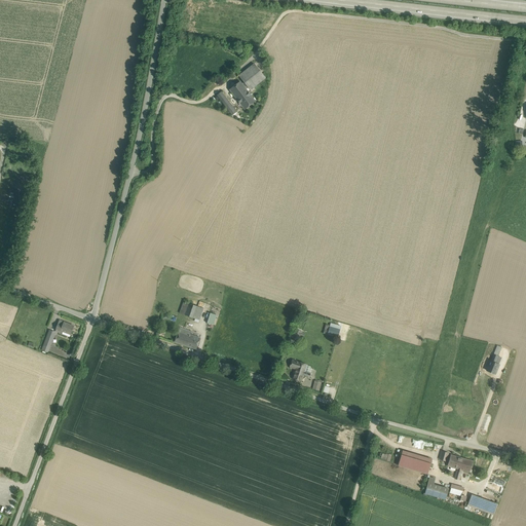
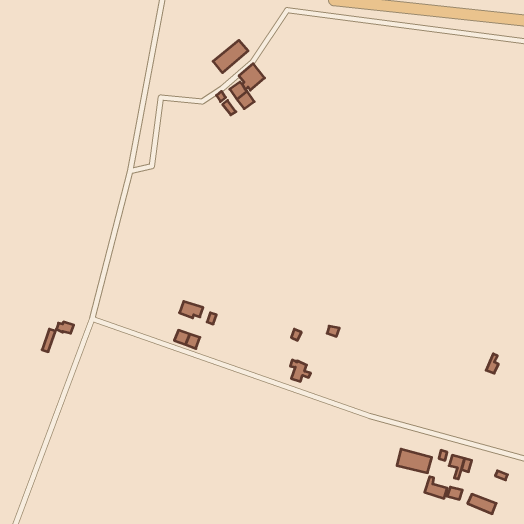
building: none -> [213,40,248,73]

